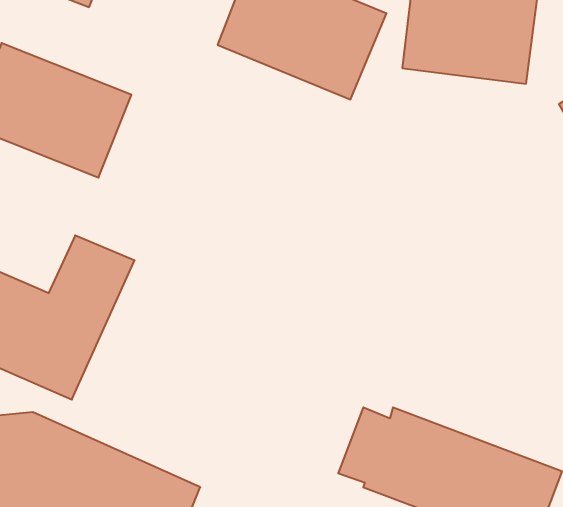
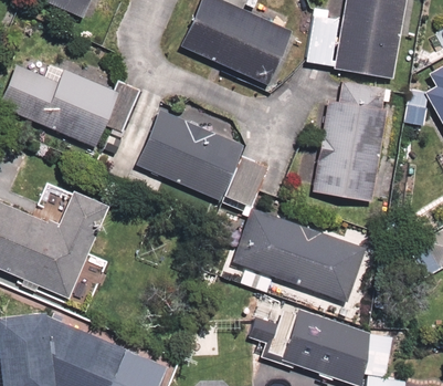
building: none -> [313,76,395,204]
building: none -> [137,102,265,213]
building: none -> [228,207,370,311]

